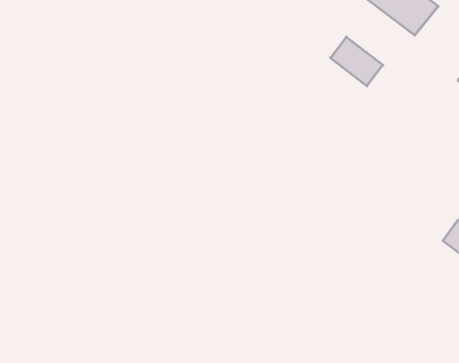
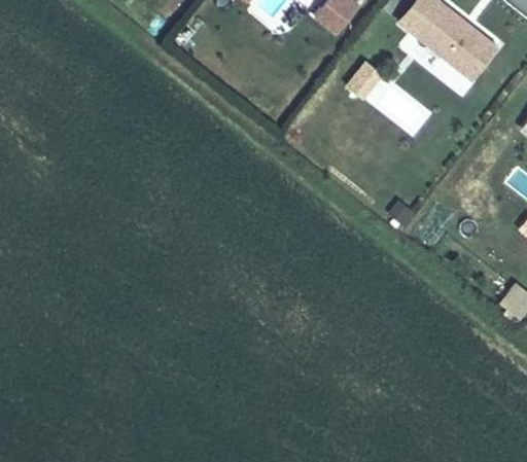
building: none -> [347,60,388,100]

